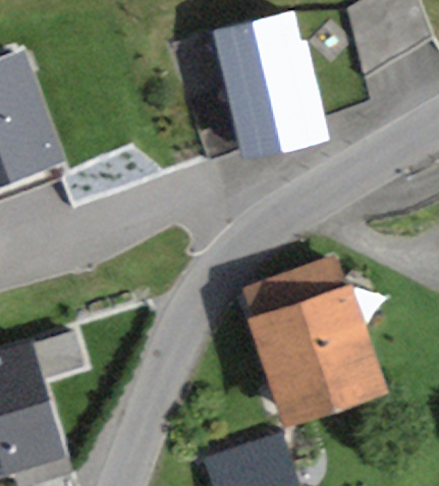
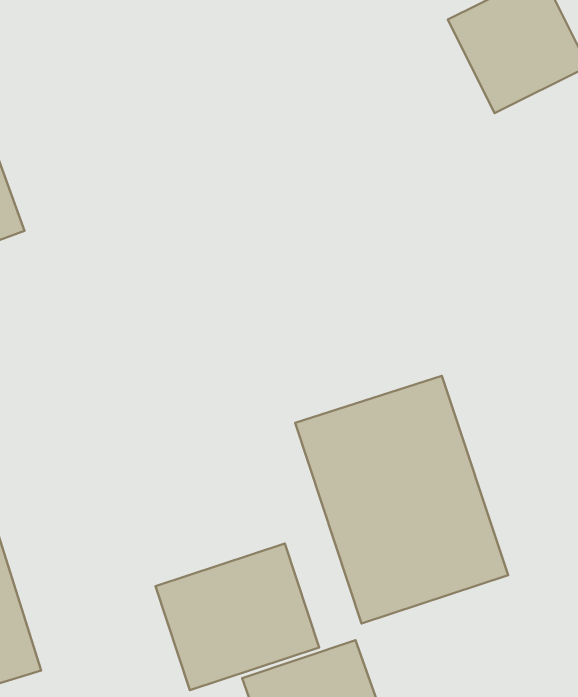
building: [212,15,331,165] -> none
building: none -> [156,544,319,690]

